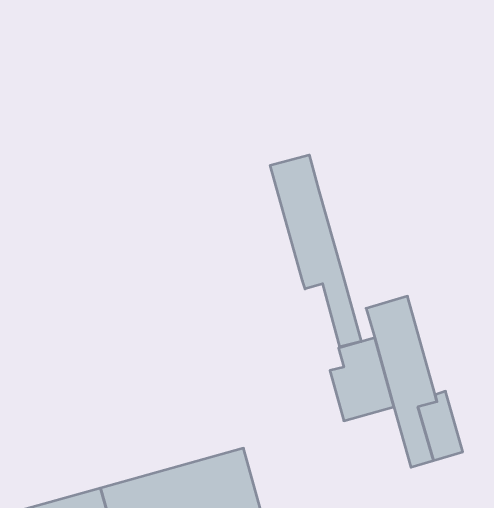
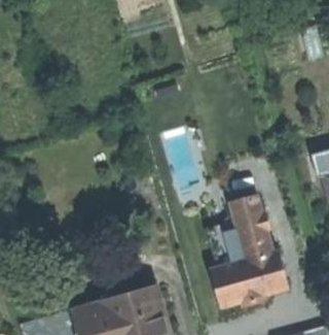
building: [270,155,361,347] -> none
building: none -> [211,261,257,306]

